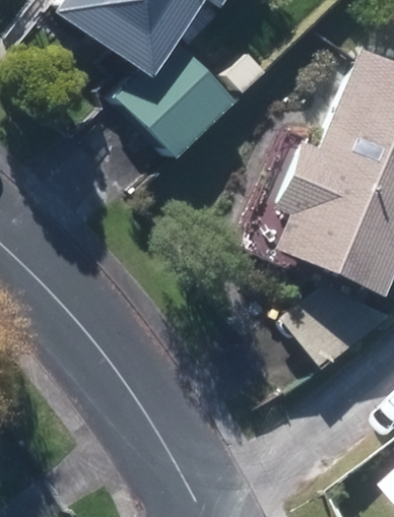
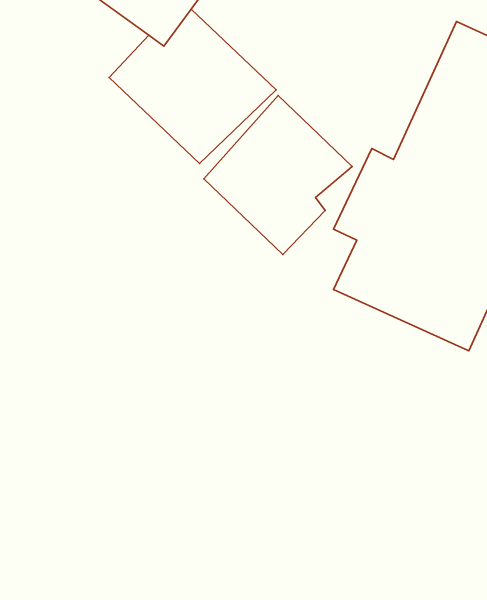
building: none -> [204,96,352,254]

